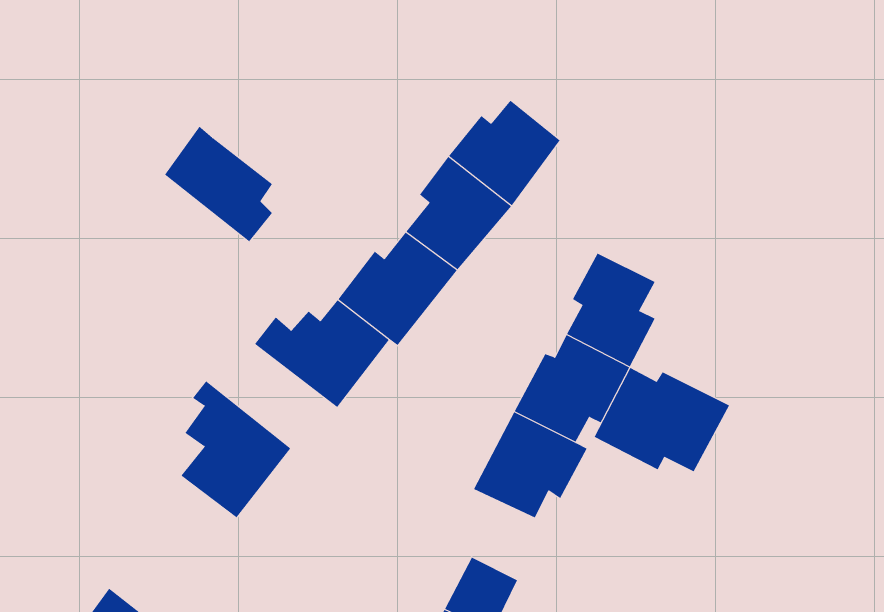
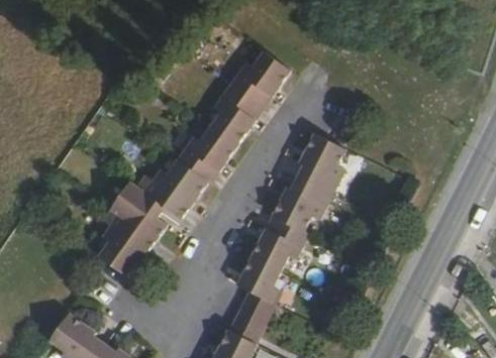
building: [164,126,273,242] -> [111,176,168,237]
building: [594,367,730,472] -> none
building: none -> [236,258,283,306]

